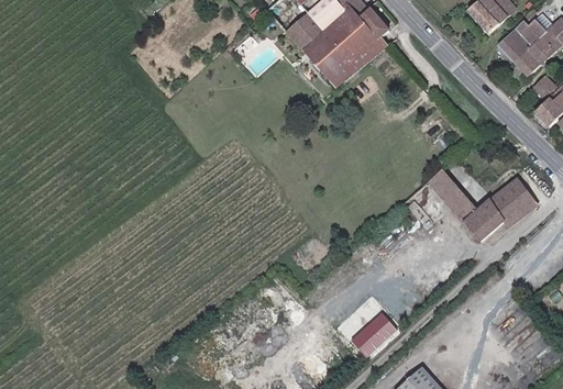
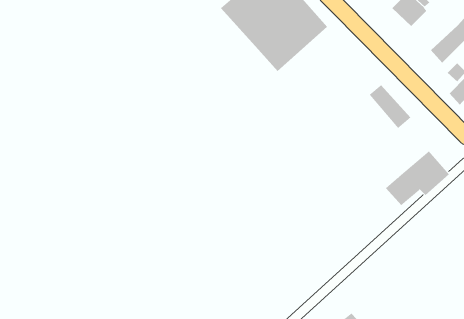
building: [497,21,545,63] -> none
building: [427,173,476,224] -> [369,85,411,129]
building: [354,322,391,358] -> none

